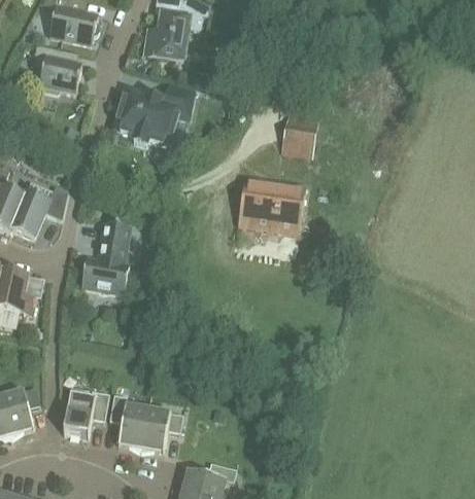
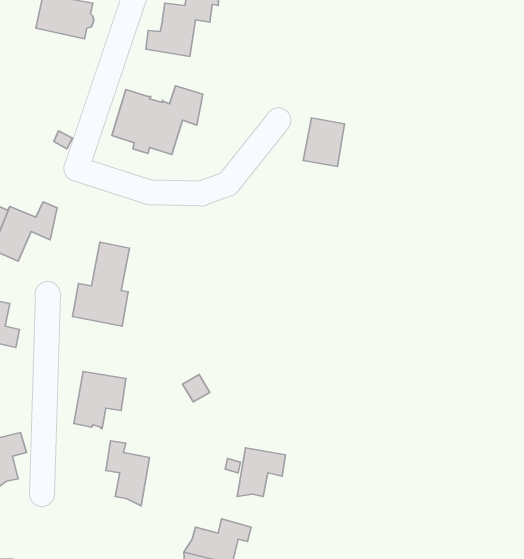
building: [30,42,81,94] -> none
building: [237,175,305,240] -> none
building: [63,387,108,436] -> [74,372,126,428]
building: [140,408,182,451] -> [237,448,286,496]

